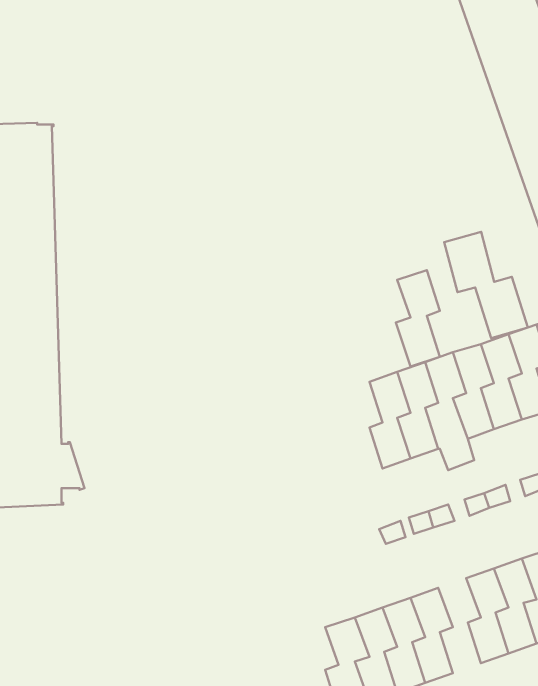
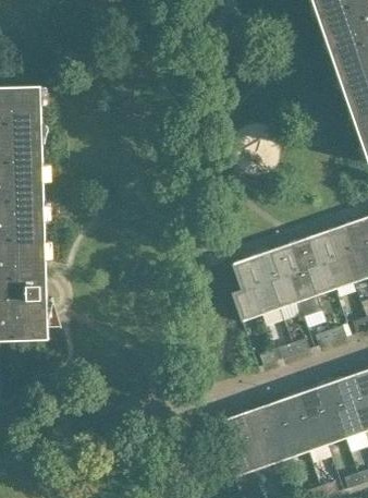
building: [444,232,528,338] -> none
building: [396,270,440,367] -> [230,257,259,321]
building: none -> [296,388,324,451]

